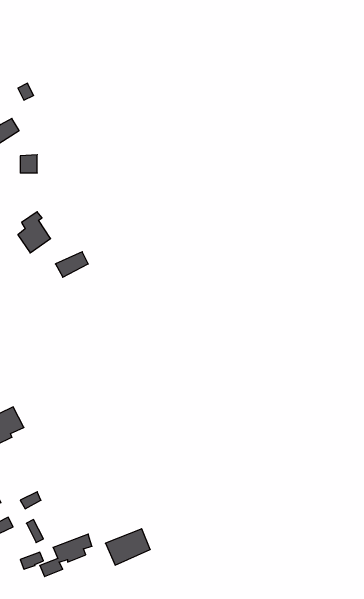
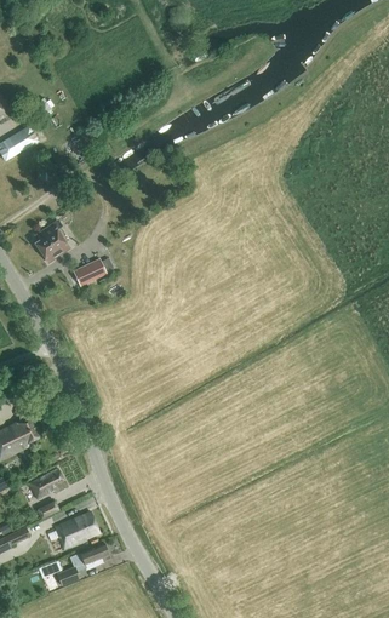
building: none -> [29,468,68,498]
building: [105,529,150,565] -> [55,511,99,548]

